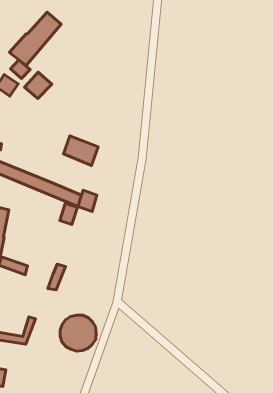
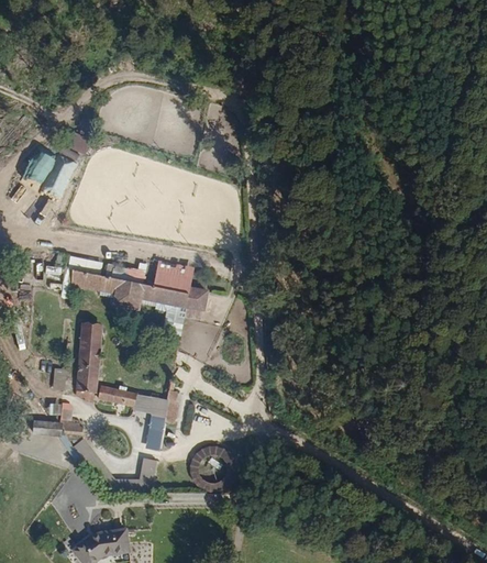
building: [10,12,61,66] -> none
building: [25,72,52,98] -> none
building: [63,136,98,166] -> [148,258,191,291]
building: none -> [133,394,168,450]

